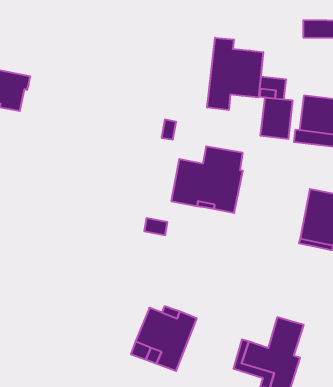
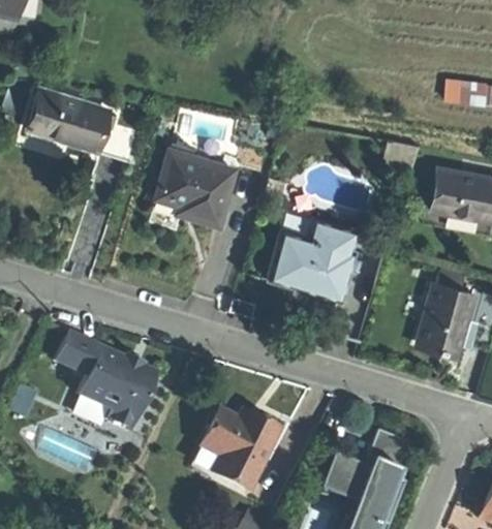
building: [207,38,263,110] -> none
building: none -> [95,122,139,163]
building: [260,97,292,139] -> none
building: none -> [156,152,234,225]
building: none -> [57,333,158,432]

